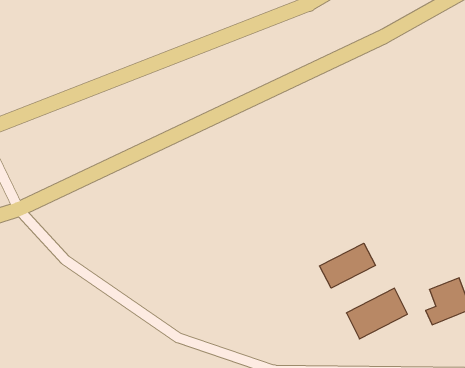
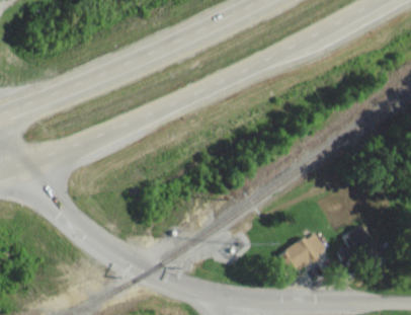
building: [319,243,375,288] -> none

